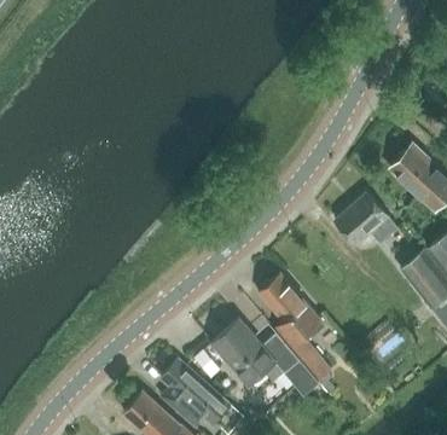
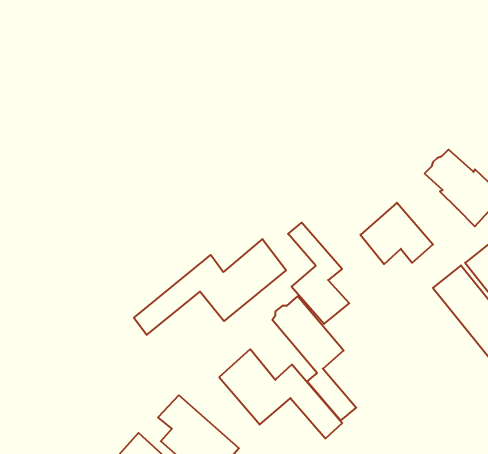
building: none -> [288,223,349,324]
building: none -> [134,239,286,335]

